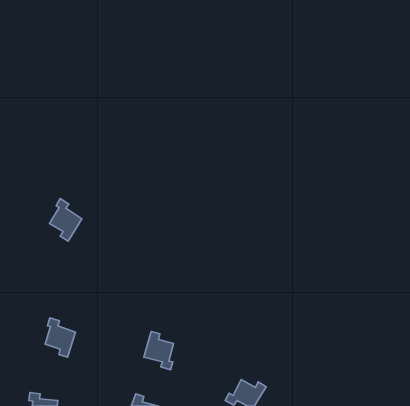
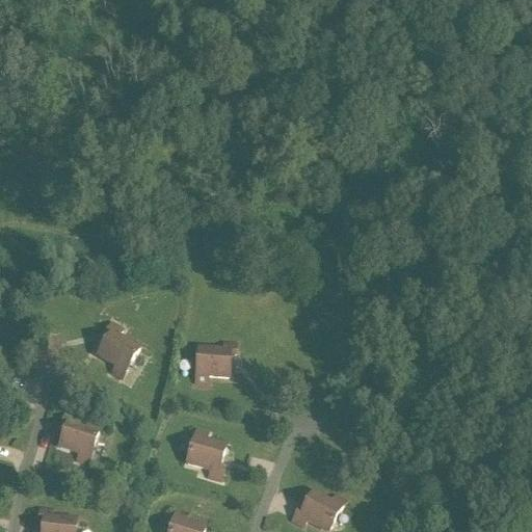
building: [50,199,82,241] -> [97,322,138,377]
building: none -> [194,342,235,382]

